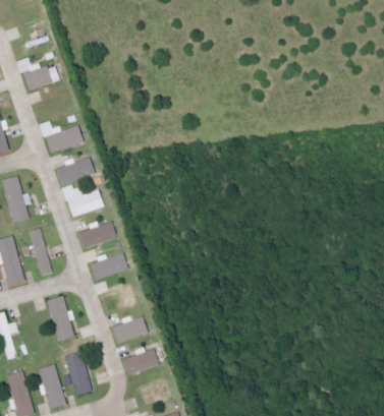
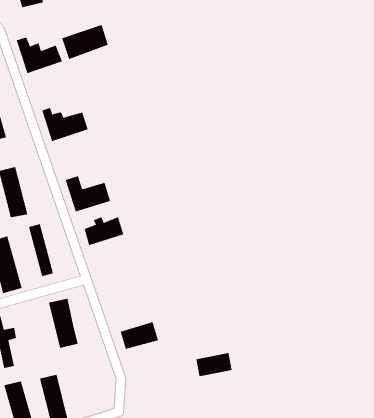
building: none -> [61,24,108,60]
building: [57,157,95,183] -> none
building: [90,253,127,280] -> none
building: [124,350,158,372] -> [196,352,233,377]
building: [65,351,92,395] -> none

